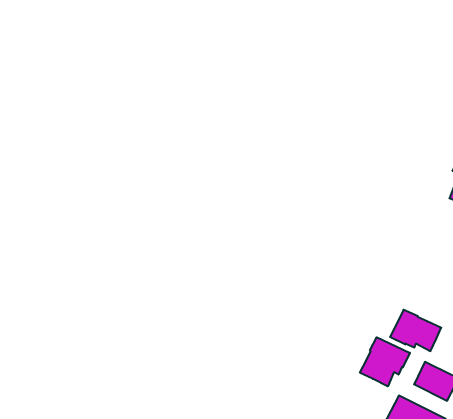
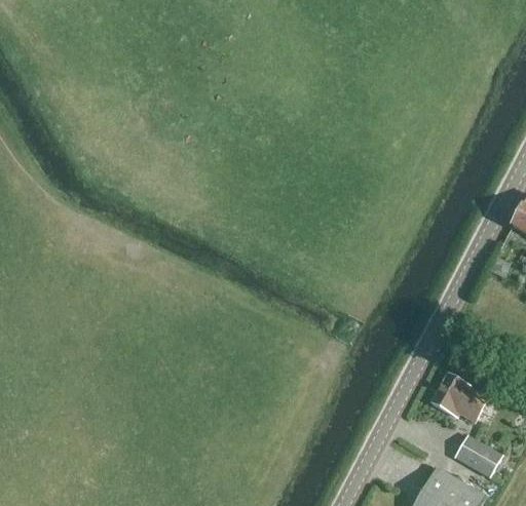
building: [360,337,410,386] -> none

